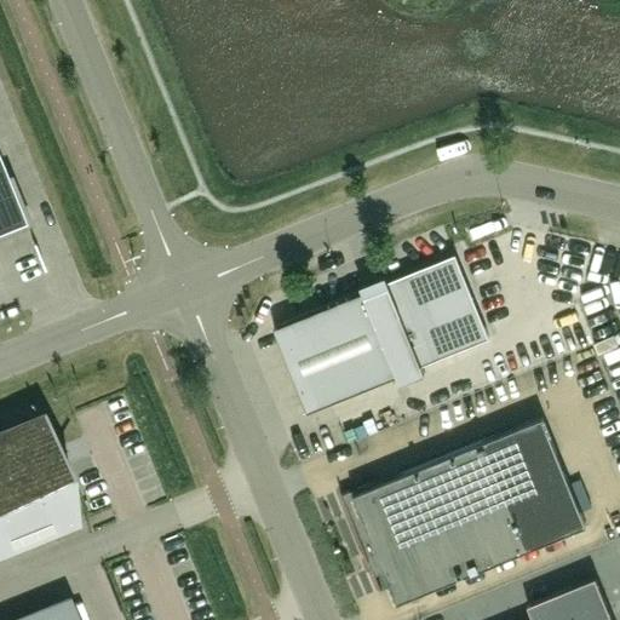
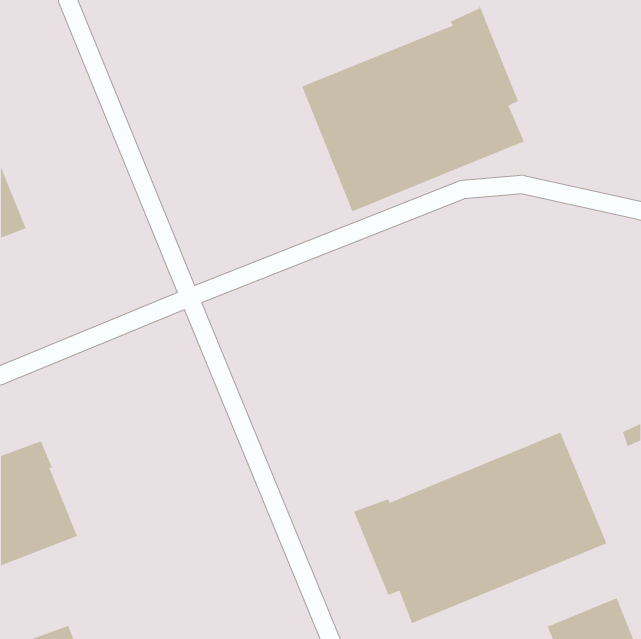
building: none -> [301,5,525,212]
building: [274,256,489,413] -> none

